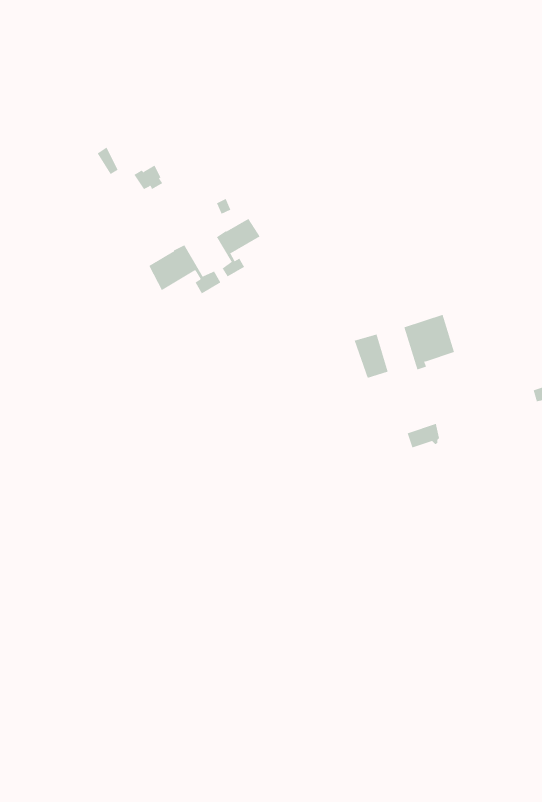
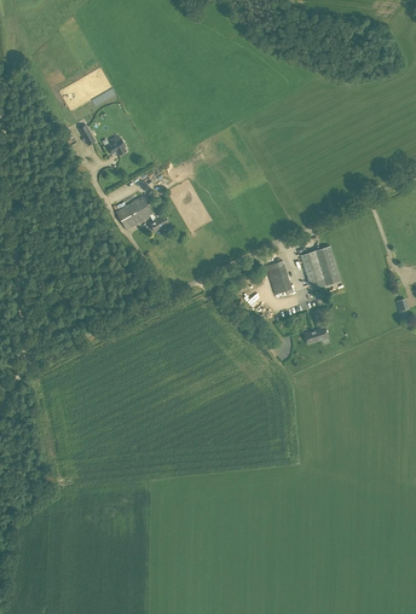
building: [216,218,261,277] -> none

